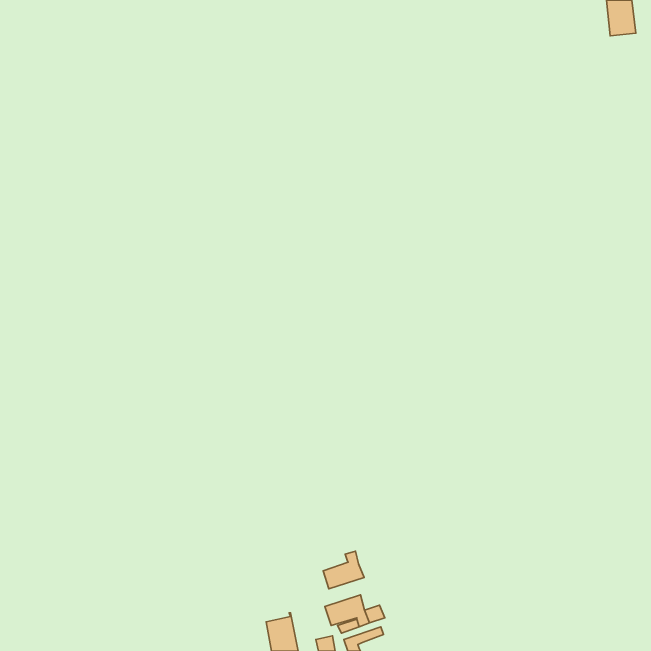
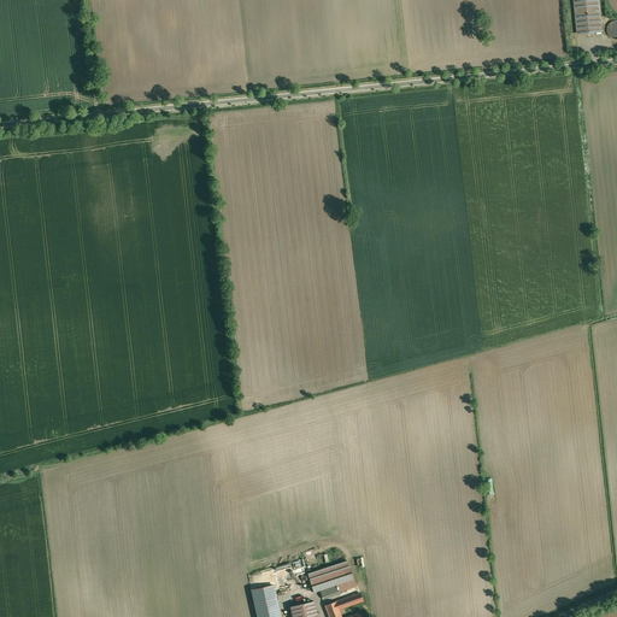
building: [323,551,364,589] -> none

